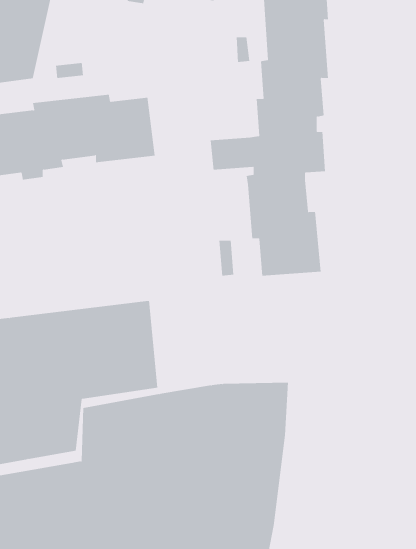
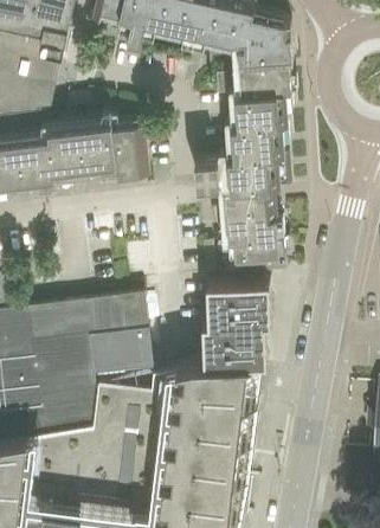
building: none -> [202,277,271,360]

